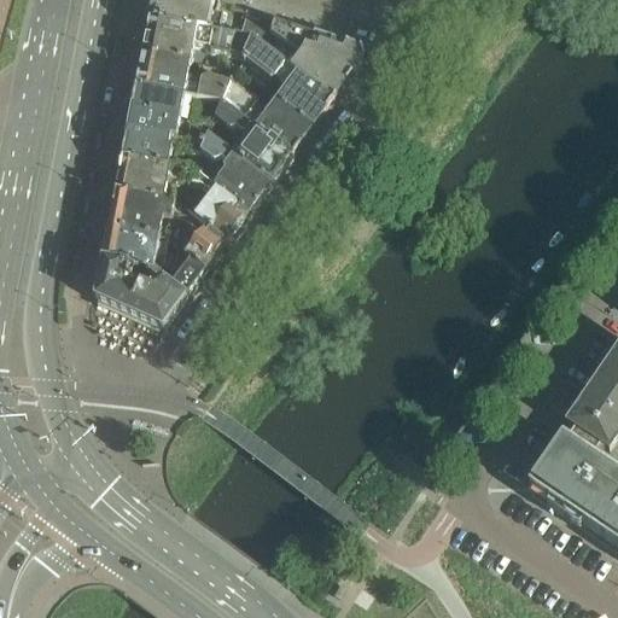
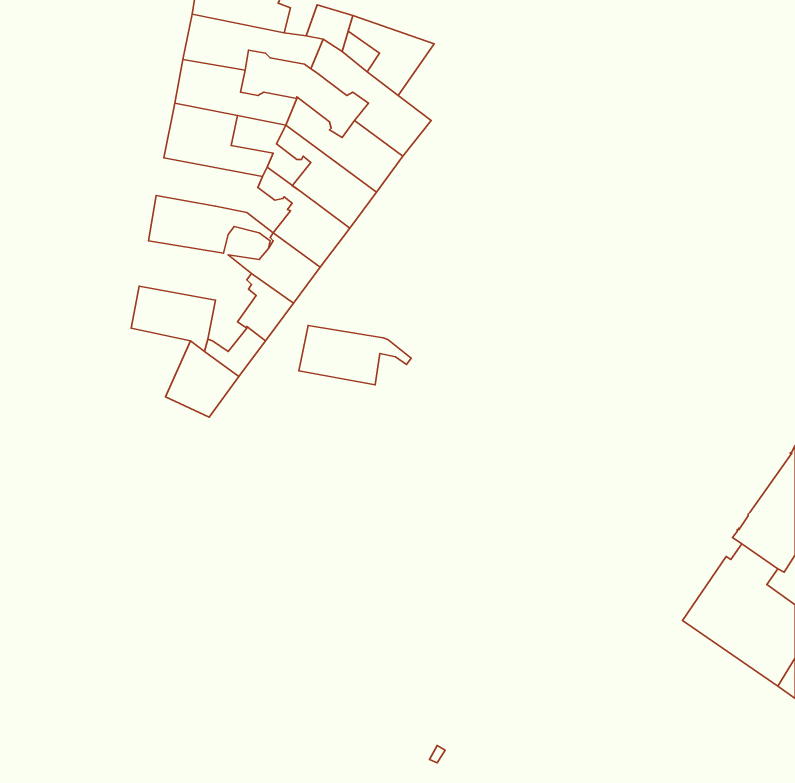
building: [308,34,363,93] -> none
building: [121,122,203,159] -> none
building: [107,186,194,232] -> [299,325,411,385]
building: [94,253,147,307] -> none

